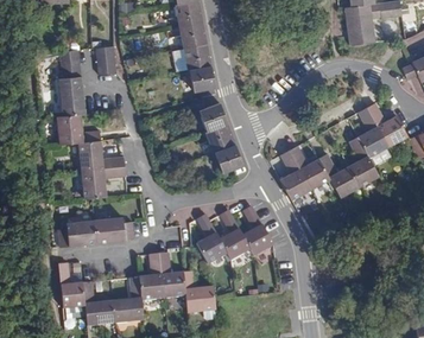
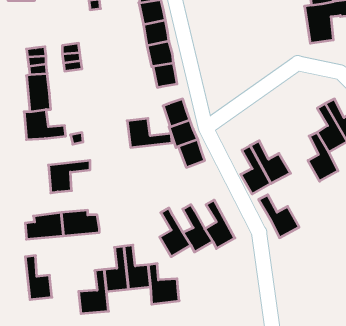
building: [78,140,125,170] -> [127,118,172,147]
building: [318,153,360,197] -> [259,195,299,238]
building: [83,281,115,325] -> none

